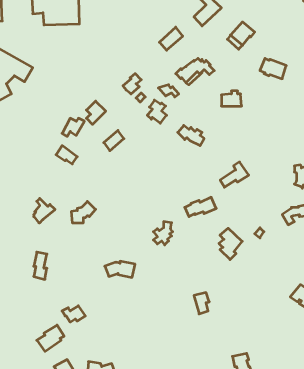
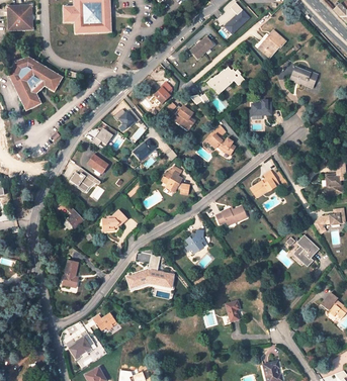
building: none -> [69,166,100,192]
building: none -> [161,166,190,194]
building: [219,228,242,260] -> [295,234,319,266]

